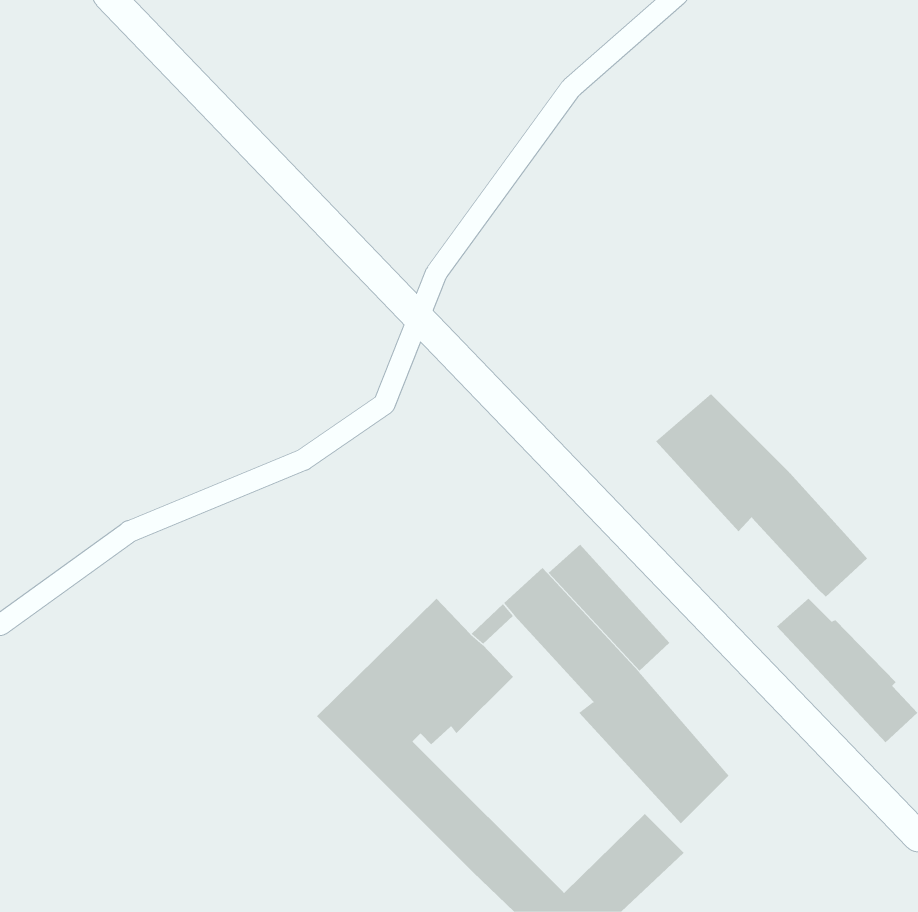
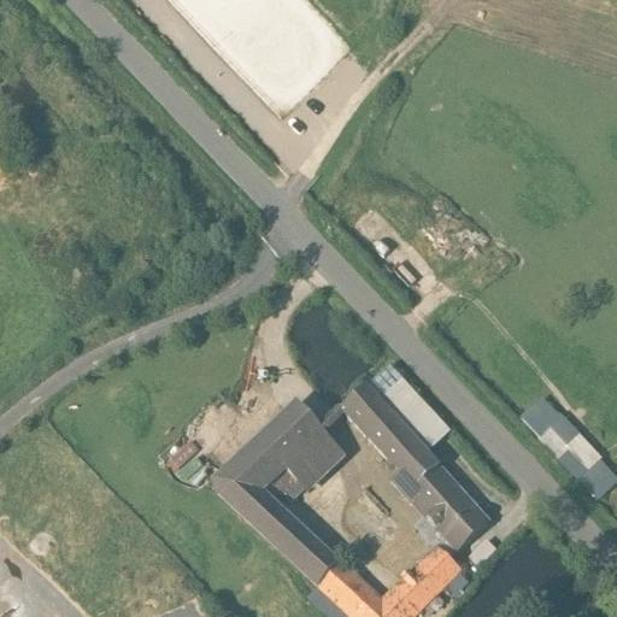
building: [655,393,868,598] -> none

